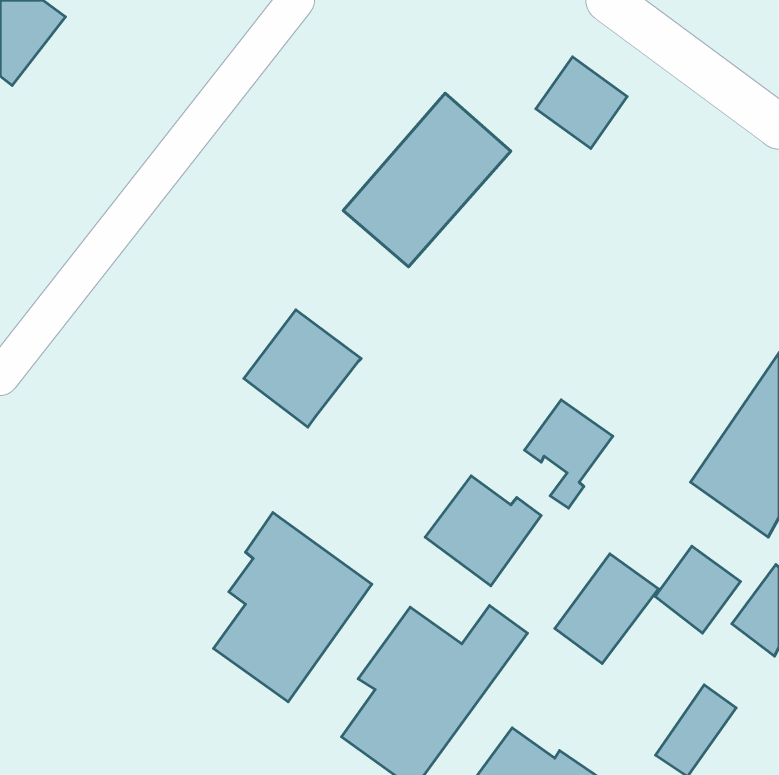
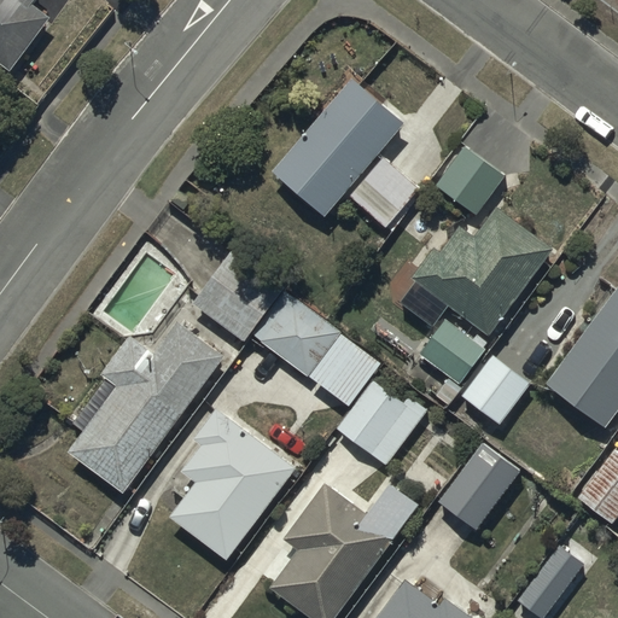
building: [536,57,627,148] -> [433,145,506,217]
building: none -> [350,157,420,228]
building: none -> [410,205,555,337]
building: none -> [250,290,381,407]
building: none -> [69,323,222,491]
building: [655,546,740,633] -> [462,356,530,425]

